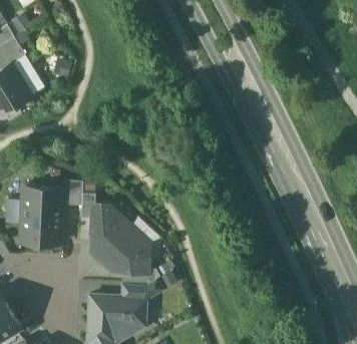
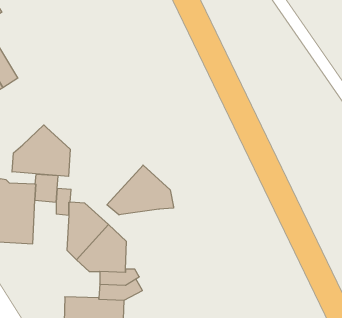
building: none -> [12,125,70,176]
building: none -> [107,165,173,215]

